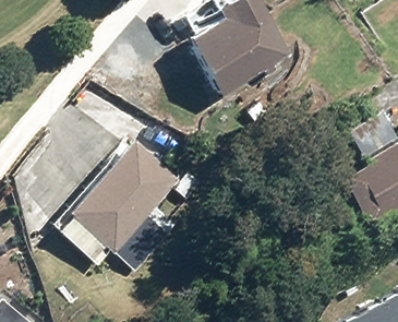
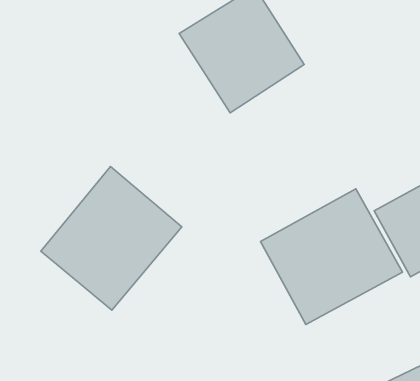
building: none -> [260,189,403,325]

